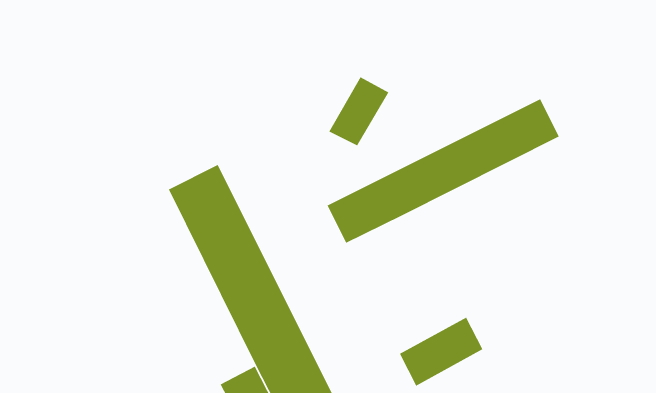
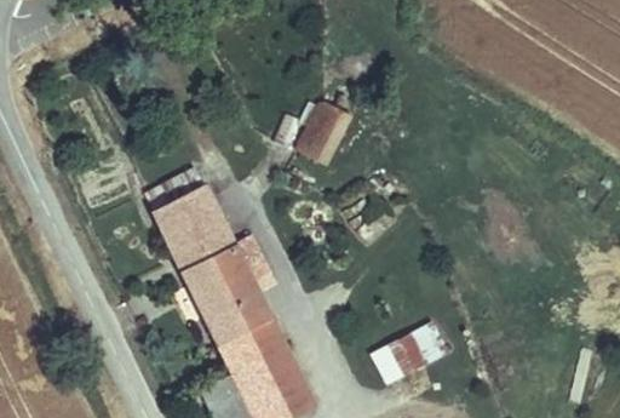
building: [326,98,560,244] -> none

